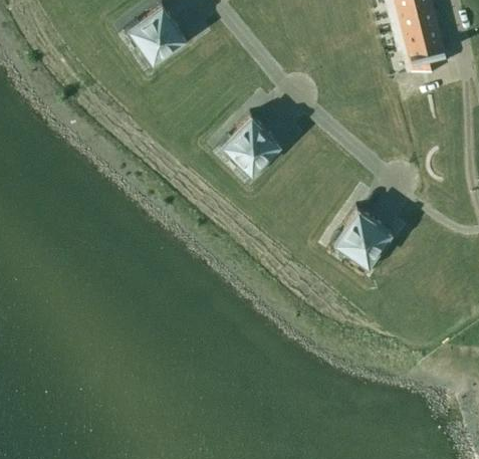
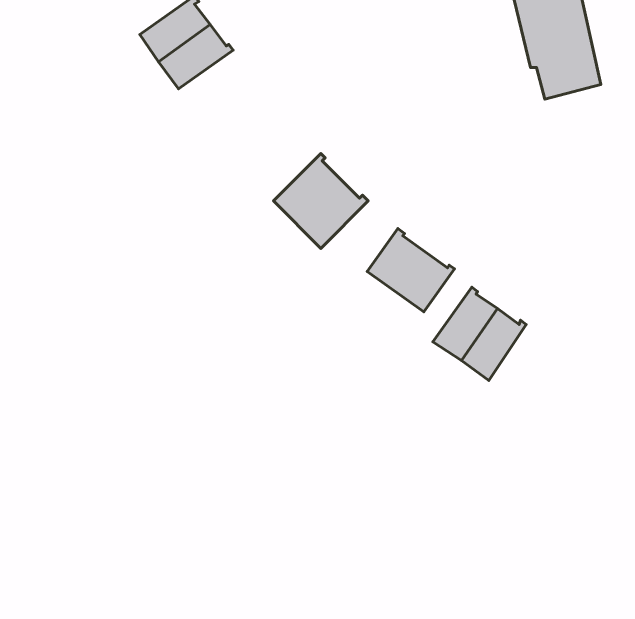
building: none -> [367,228,454,312]

